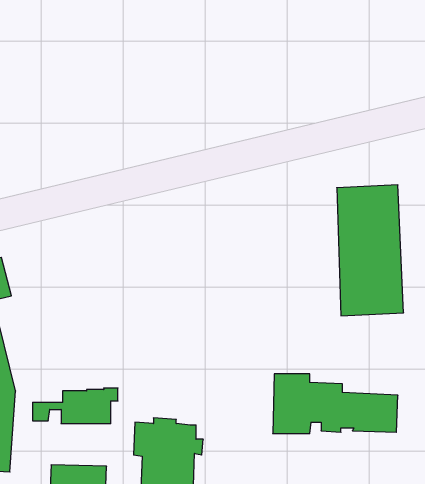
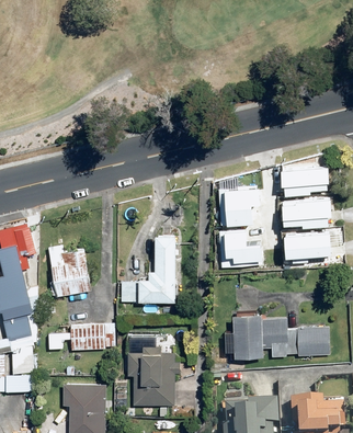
building: none -> [227,186,260,266]
building: none -> [117,233,175,301]
building: none -> [47,244,90,296]

